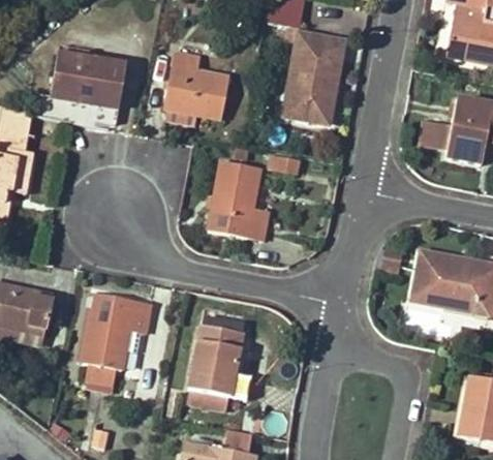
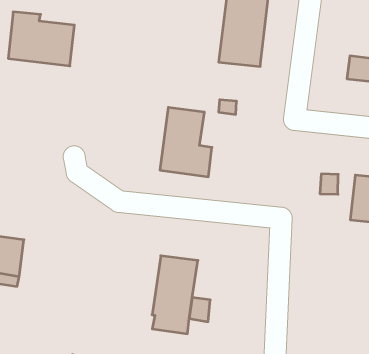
building: [163,49,227,124] -> none
building: [82,292,149,385] -> none

